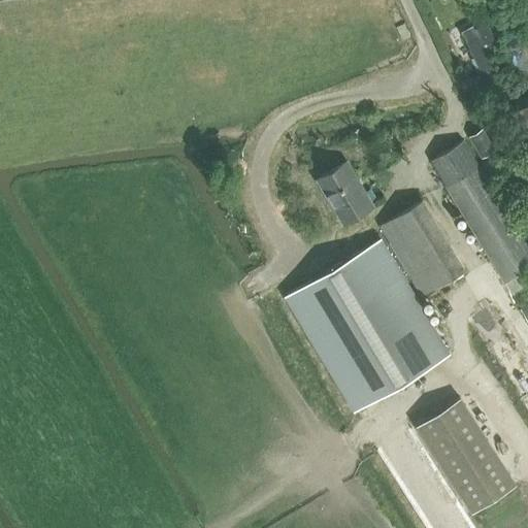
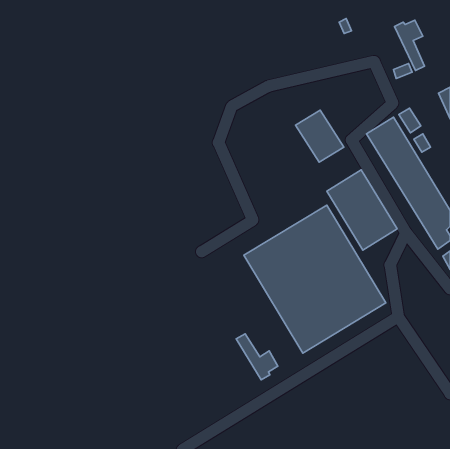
building: [317,162,373,223] -> [295,110,344,162]
building: none -> [236,334,278,380]
building: [416,400,516,516] -> none

